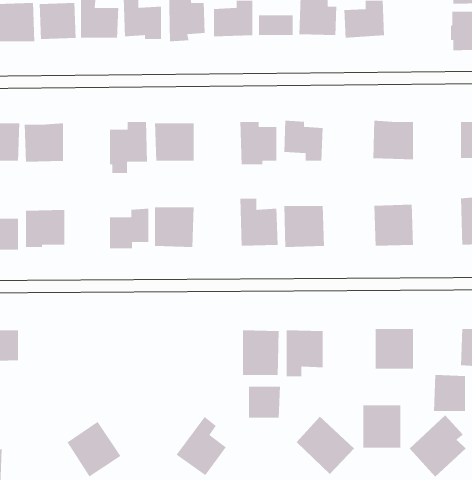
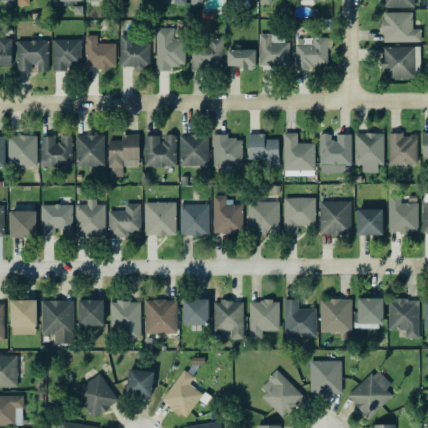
building: none -> [283,132,315,172]
building: none -> [354,133,383,172]
building: none -> [179,134,209,166]
building: none -> [75,135,104,166]
building: none -> [283,197,315,236]
building: none -> [75,198,105,234]
building: none -> [179,203,209,235]
building: none -> [357,208,383,235]
building: none -> [78,299,104,326]
building: none -> [145,299,177,333]
building: none -> [284,299,316,337]
building: none -> [41,300,72,342]
building: none -> [110,300,141,340]
building: [433,374,466,412] -> [357,297,383,327]
building: [248,386,281,419] -> [183,299,209,325]
building: none -> [126,368,154,397]

